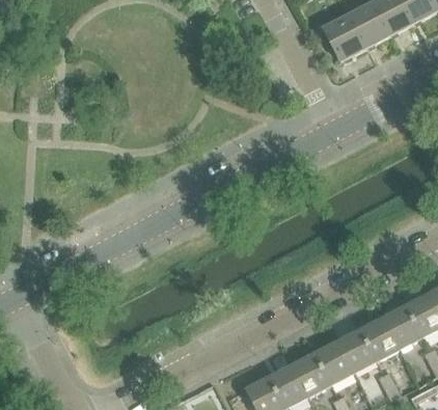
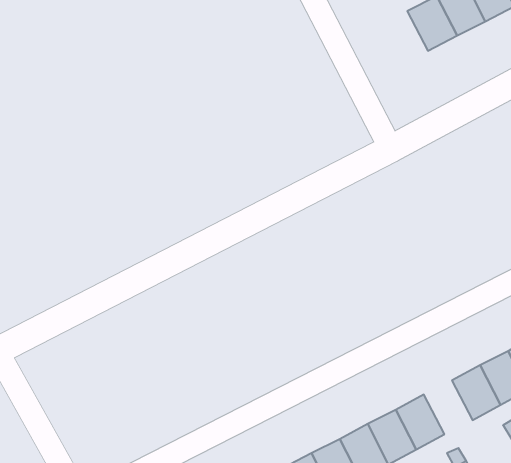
building: [324,16,363,60] -> none
building: [360,317,400,360] -> none

